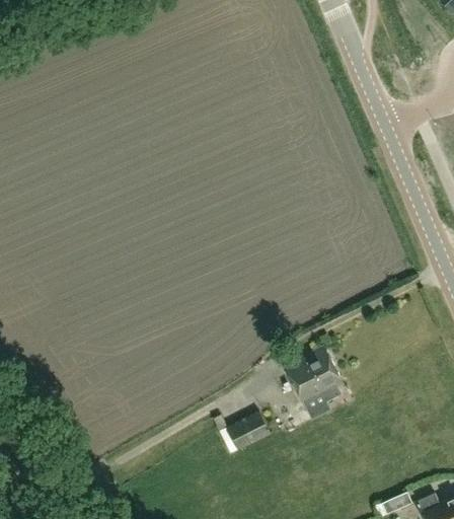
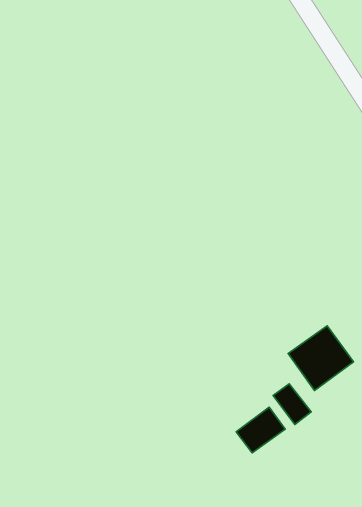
building: none -> [273,384,311,424]

